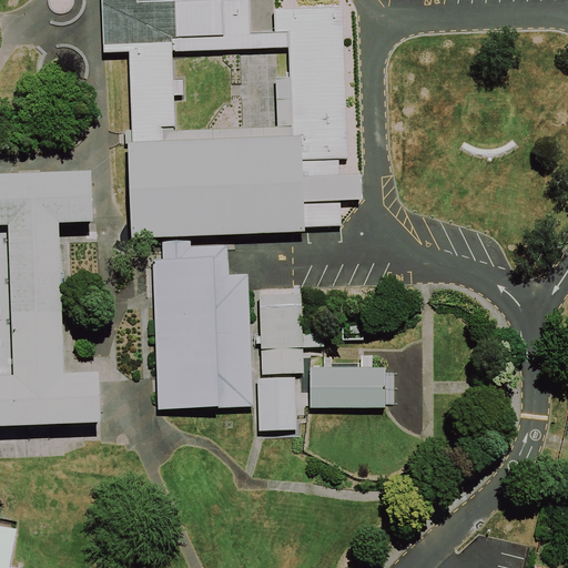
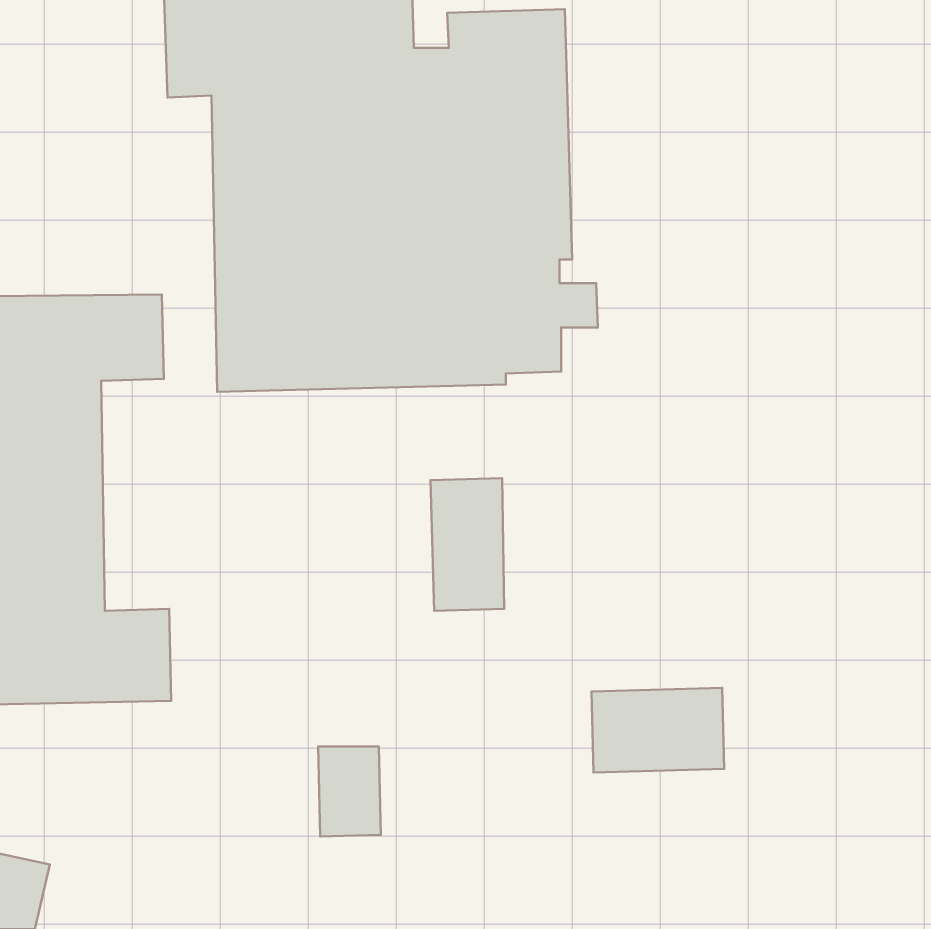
building: [152,243,251,407] -> none
building: [314,356,394,407] -> [592,688,724,773]
building: [262,373,300,427] -> [318,746,381,837]

